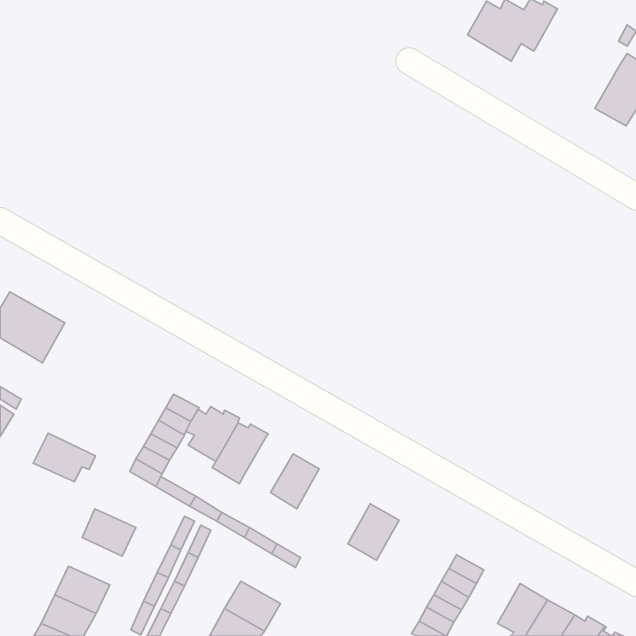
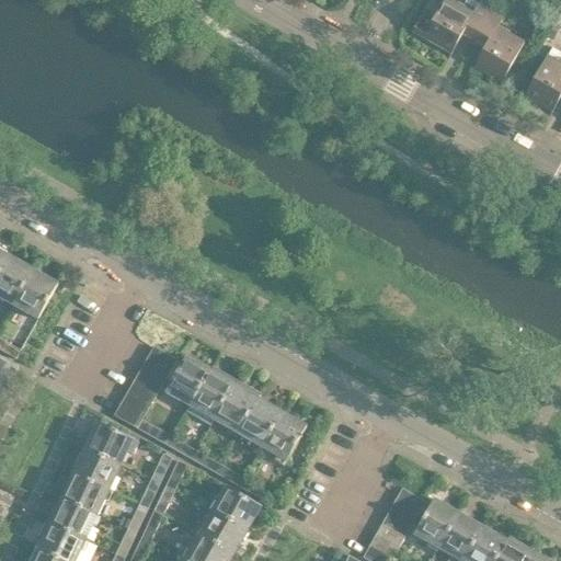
building: none -> [470,8,523,82]
building: [33,433,96,482] -> [84,421,139,463]
building: none -> [215,385,261,433]
building: [348,504,399,560] -> [262,412,307,461]
building: none -> [61,472,108,514]
building: none -> [213,486,261,530]
building: none -> [414,499,458,548]

